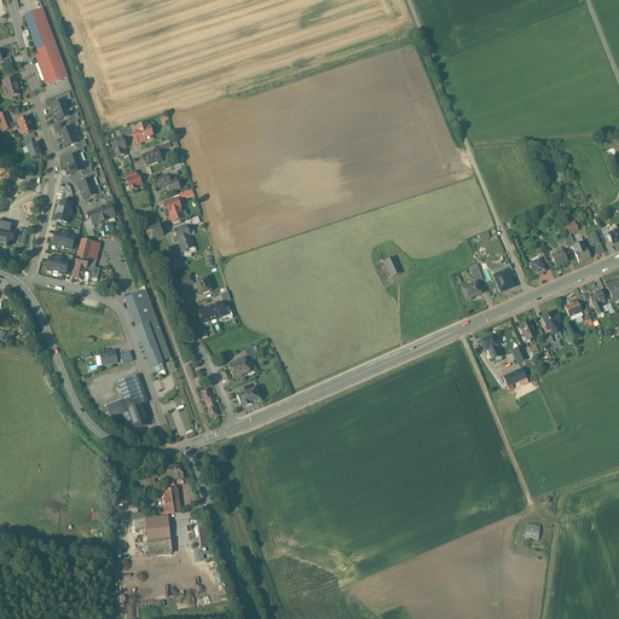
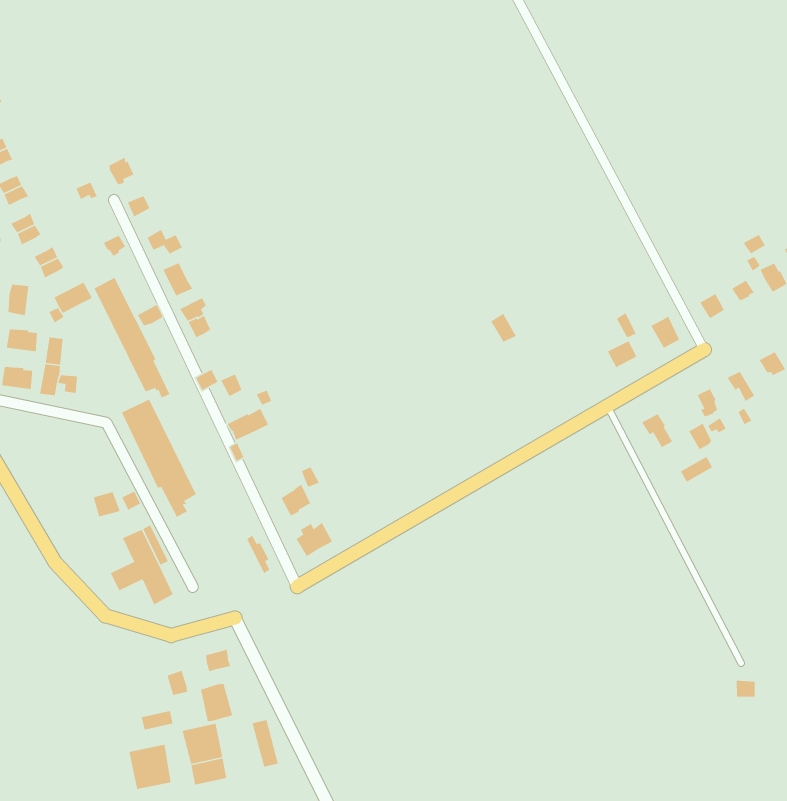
building: none -> [94,277,171,398]
building: none -> [129,744,171,790]

